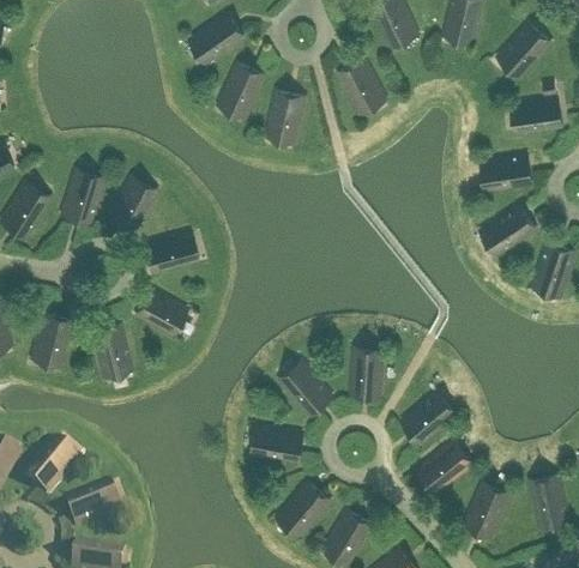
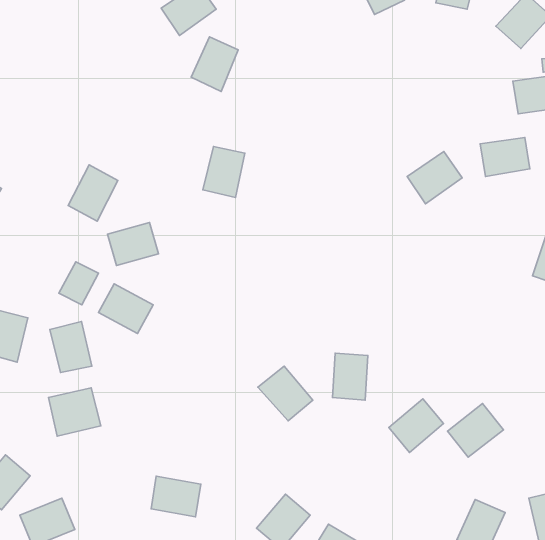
building: [337,59,384,110] -> none
building: [266,92,304,139] -> [203,147,245,198]
building: [60,175,102,223] -> none
building: [484,206,535,254] -> [407,152,462,204]
building: none -> [59,262,99,305]
building: none -> [49,388,101,436]
building: [257,427,302,464] -> [151,476,201,517]
building: [417,445,469,494] -> [447,404,504,457]

